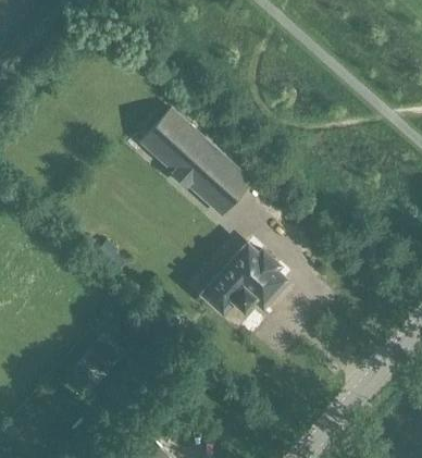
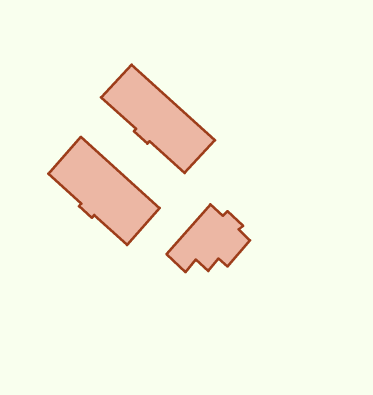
building: none -> [48,137,160,245]

